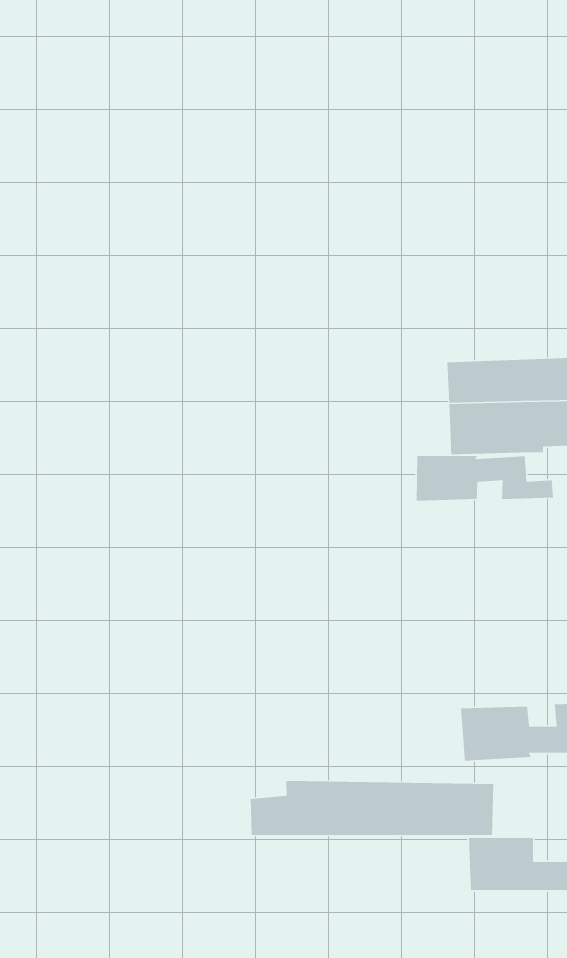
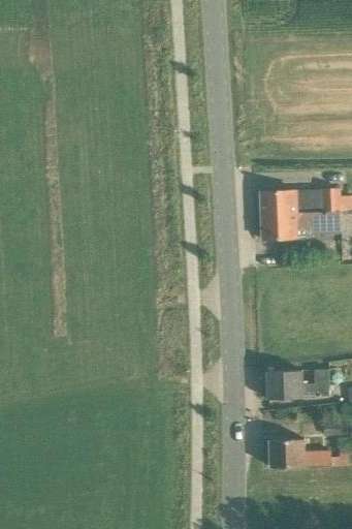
building: [416,455,554,502] -> none
building: [250,780,494,836] -> none

